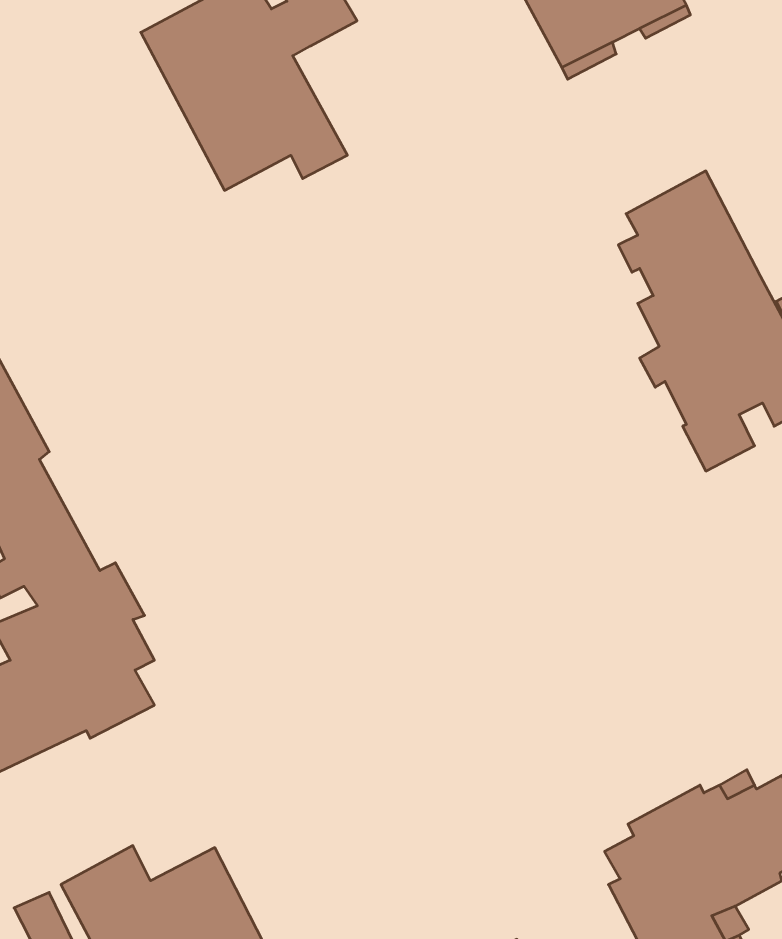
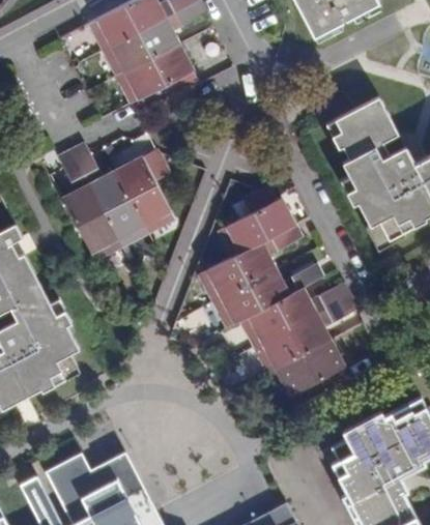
building: none -> [62,140,174,257]
building: none -> [188,189,357,407]

